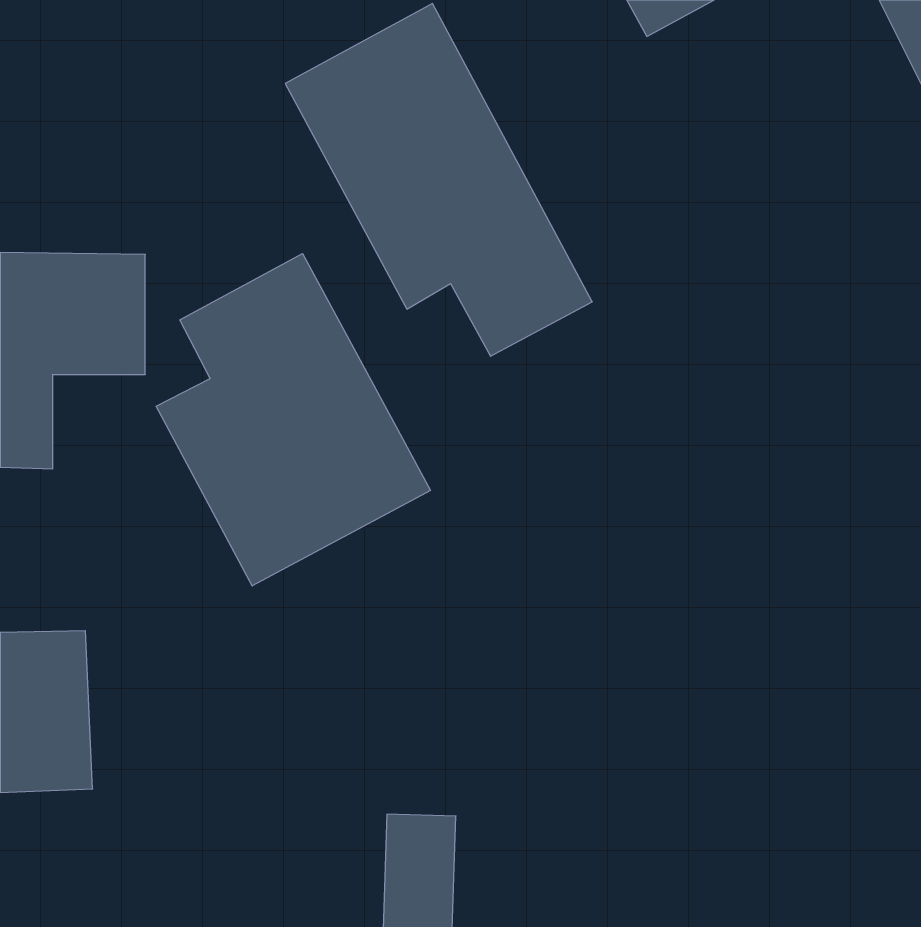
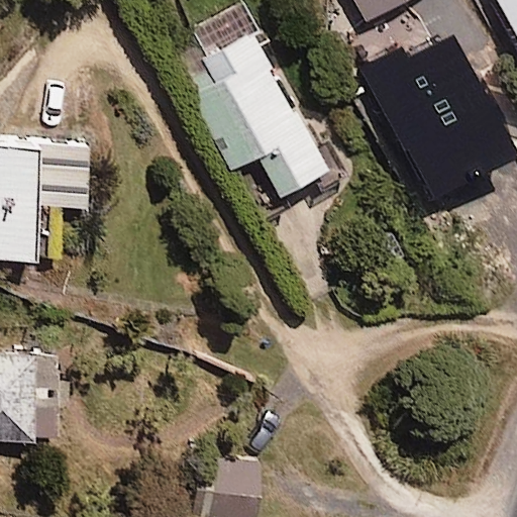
building: none -> [366,42,495,198]
building: [156,254,430,586] -> none

